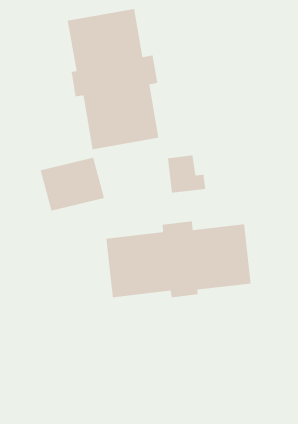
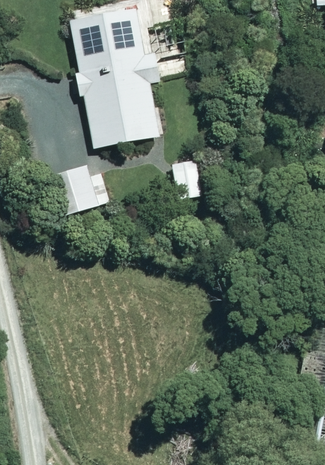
building: [106,221,251,298] -> none

